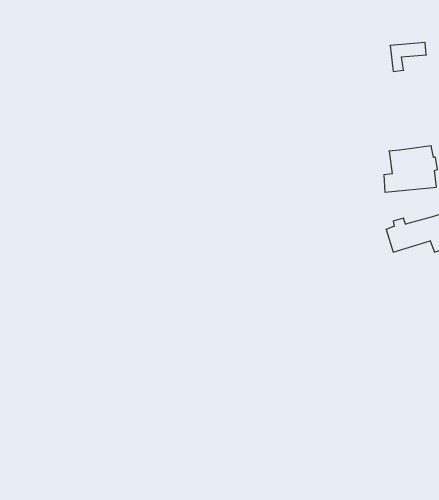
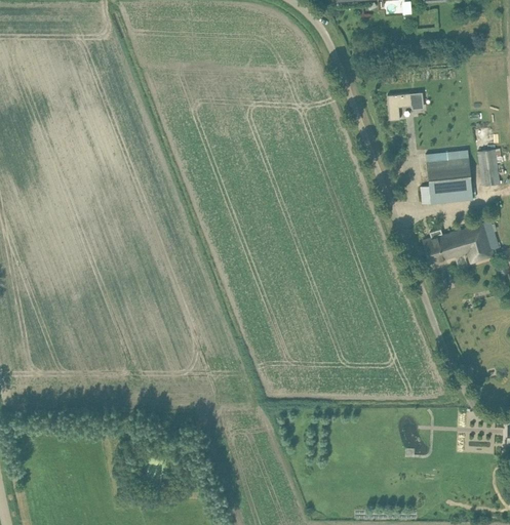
building: [390,42,426,71] -> [387,92,423,121]

